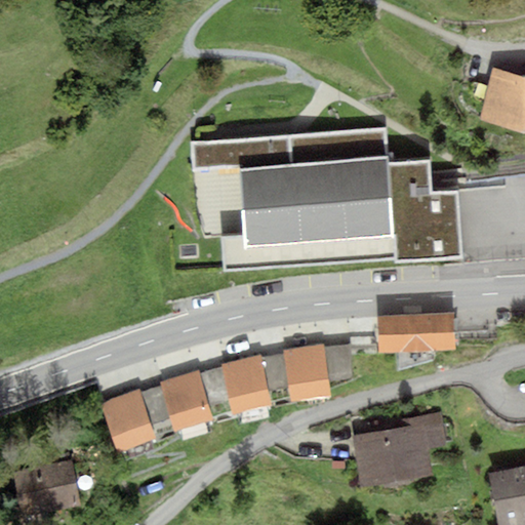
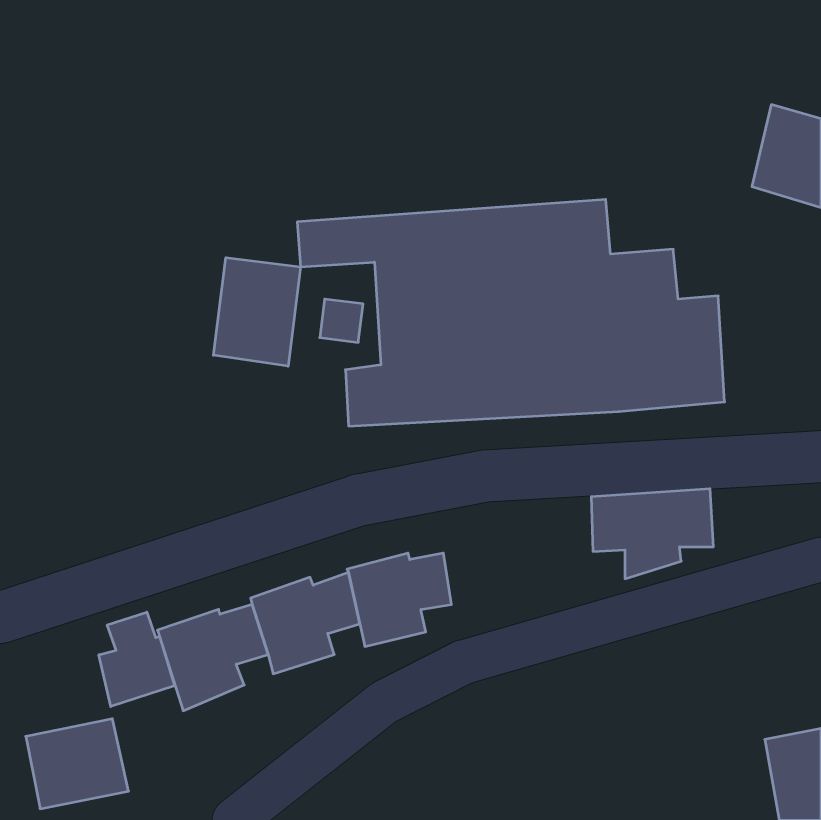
building: none -> [213,258,300,366]
building: [283,344,354,400] -> none
building: none -> [99,612,174,707]
building: [352,411,446,484] -> none

